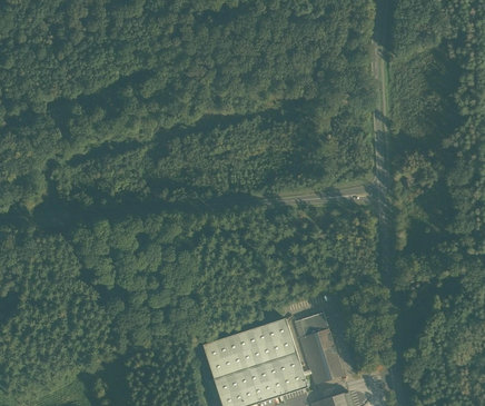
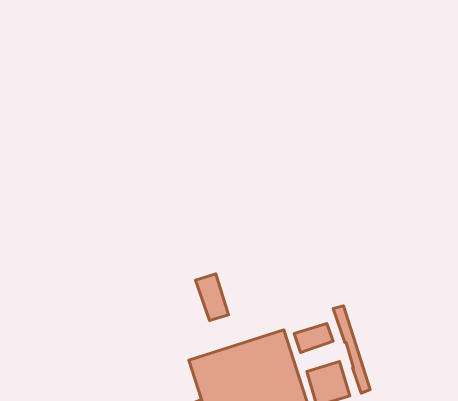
building: none -> [196,274,229,320]
building: [300,329,335,356] -> none

